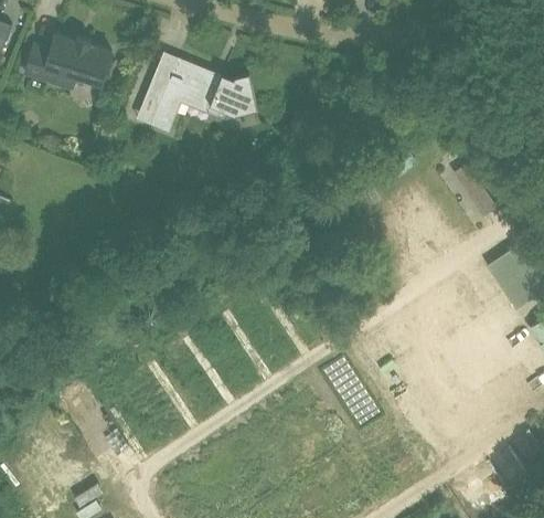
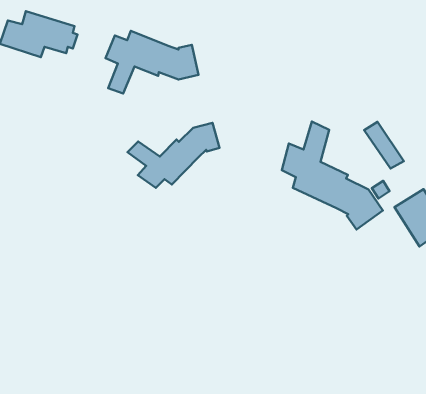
building: none -> [282,121,383,229]
building: none -> [127,123,220,188]

